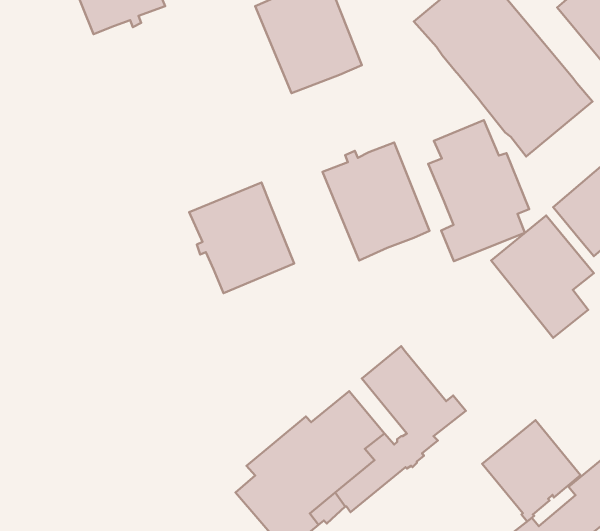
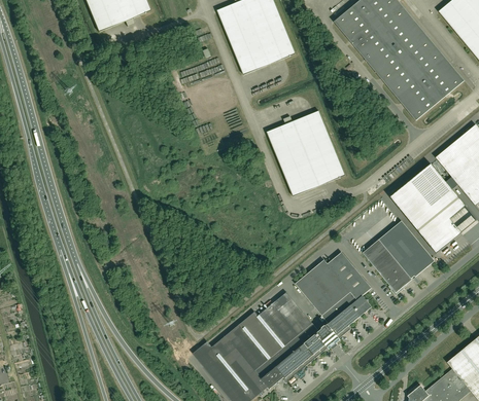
building: [428,120,529,261] -> none
building: [189,183,294,293] -> none
building: none -> [327,250,371,298]
building: [482,420,581,521] -> [362,219,434,293]

